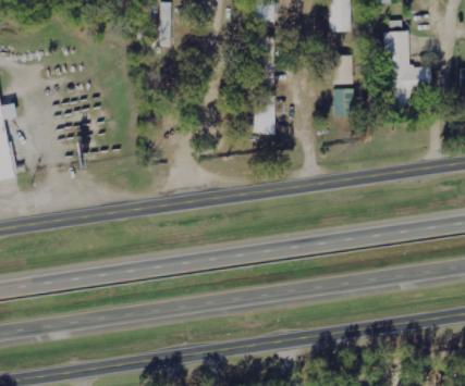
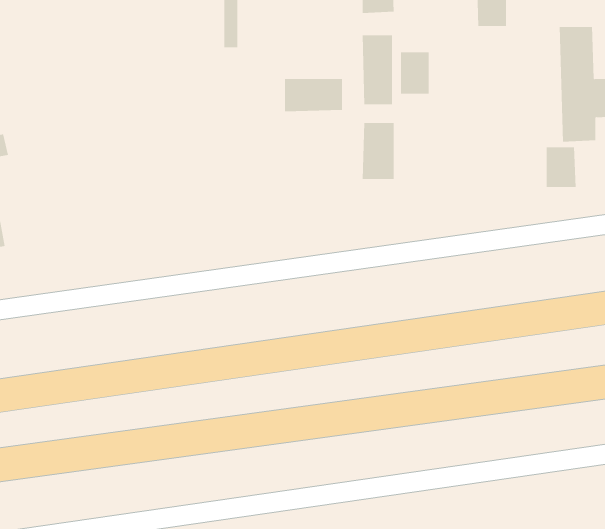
building: [333,54,353,83] -> [400,52,430,94]
building: none -> [285,78,343,112]
building: [333,88,354,115] -> [546,147,577,187]

